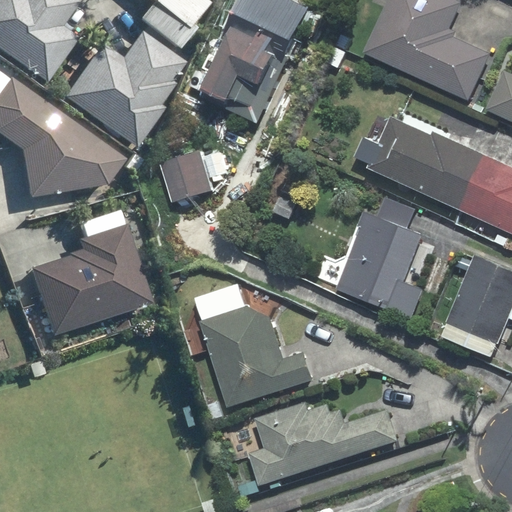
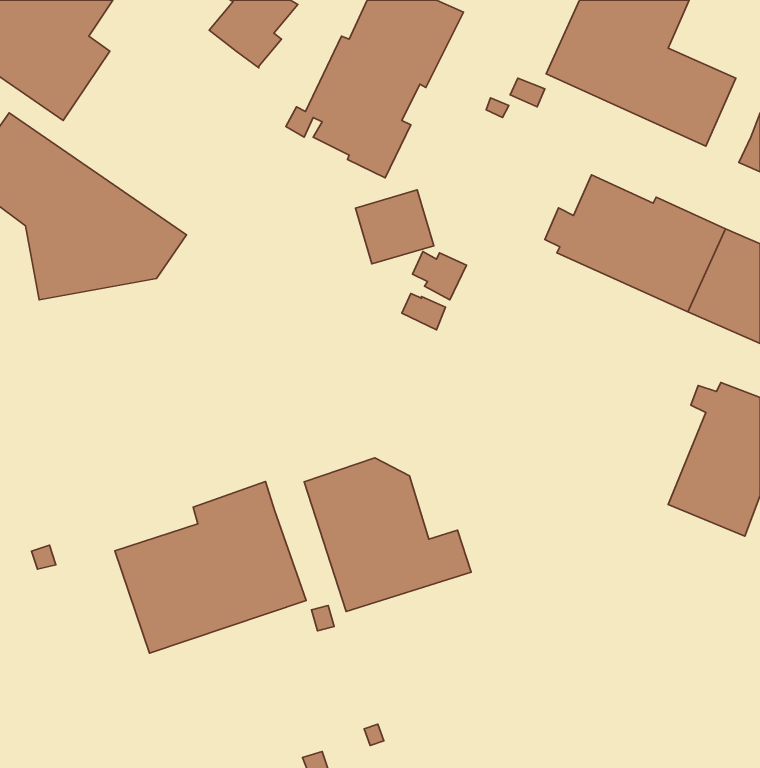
building: [55,34,178,148] -> none
building: [162,154,214,203] -> [355,190,434,264]
building: [337,196,424,320] -> none
building: [19,224,146,338] -> [115,482,306,653]
building: [251,403,400,486] -> none

